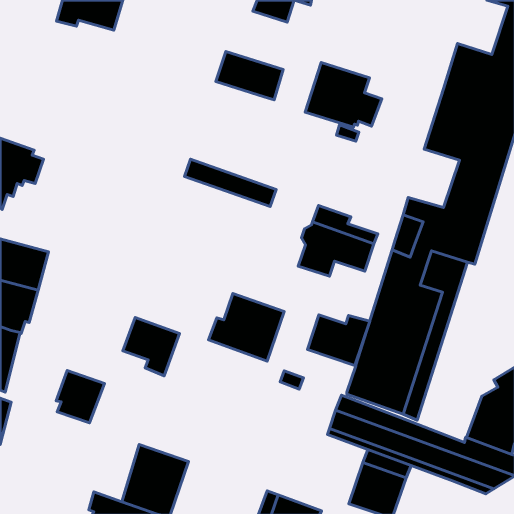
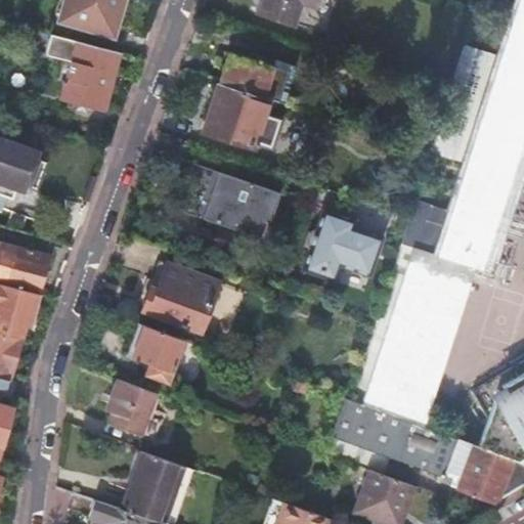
building: none -> [47,35,122,111]
building: [305,63,382,127] -> [204,84,281,149]
building: none -> [178,180,275,237]
building: [209,293,284,361] -> [142,264,219,333]
building: [307,315,370,365] -> none
building: [56,371,105,423] -> [106,381,156,434]

